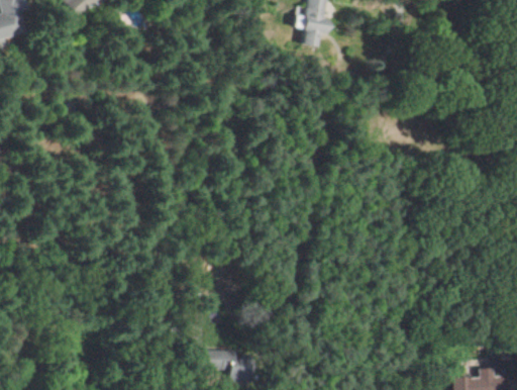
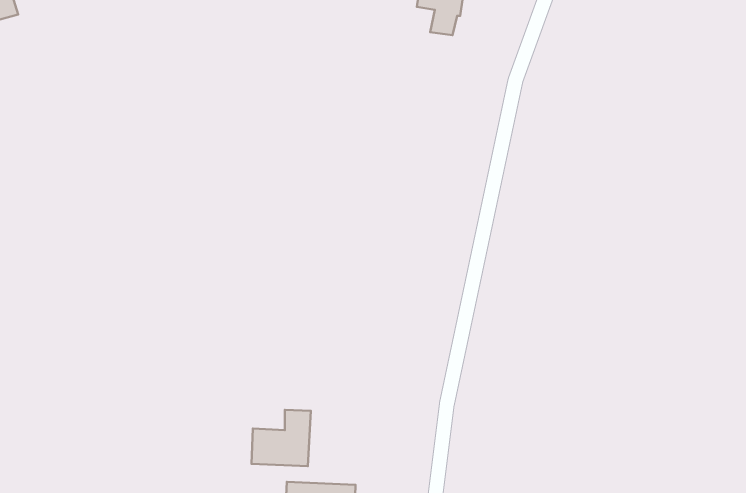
building: none -> [251,410,311,466]

